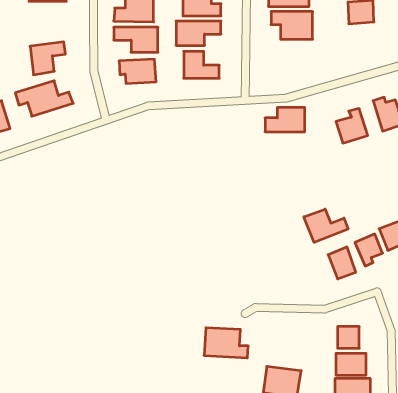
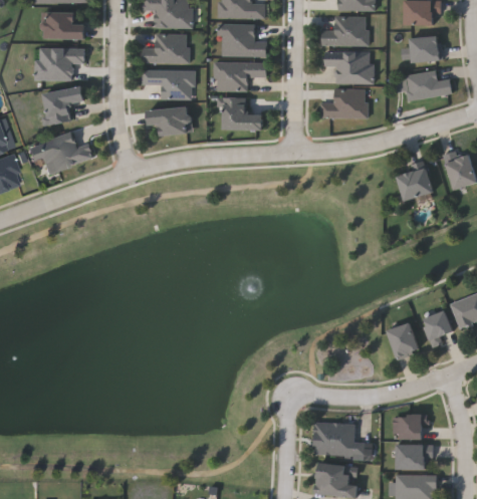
building: none -> [35,47,83,80]
building: none -> [407,73,455,102]
building: [265,108,305,132] -> [319,89,366,117]
building: [304,209,348,242] -> none
building: [204,328,248,358] -> [312,422,364,457]

